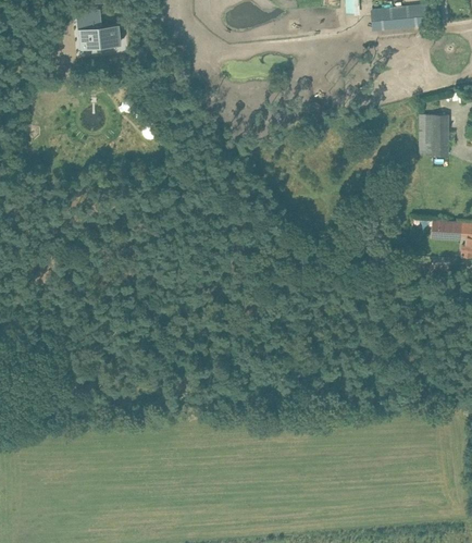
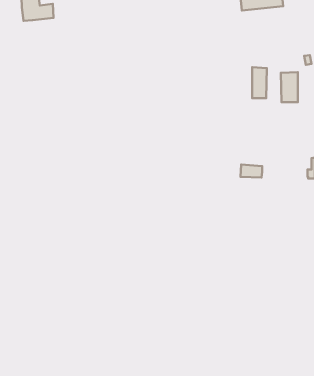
building: none -> [252,67,267,98]
building: [432,221,461,238] -> [240,165,262,178]

